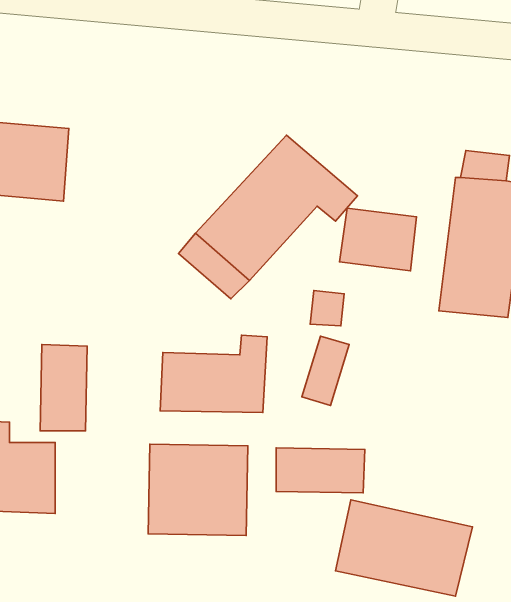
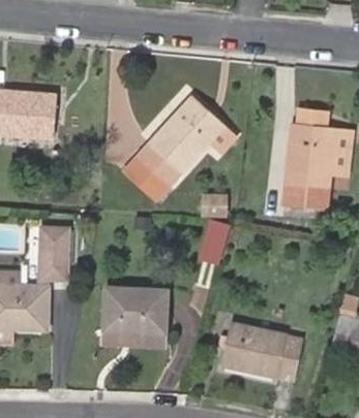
building: [339,208,417,271] -> none
building: [160,335,267,413] -> none
building: [276,448,365,493] -> none

